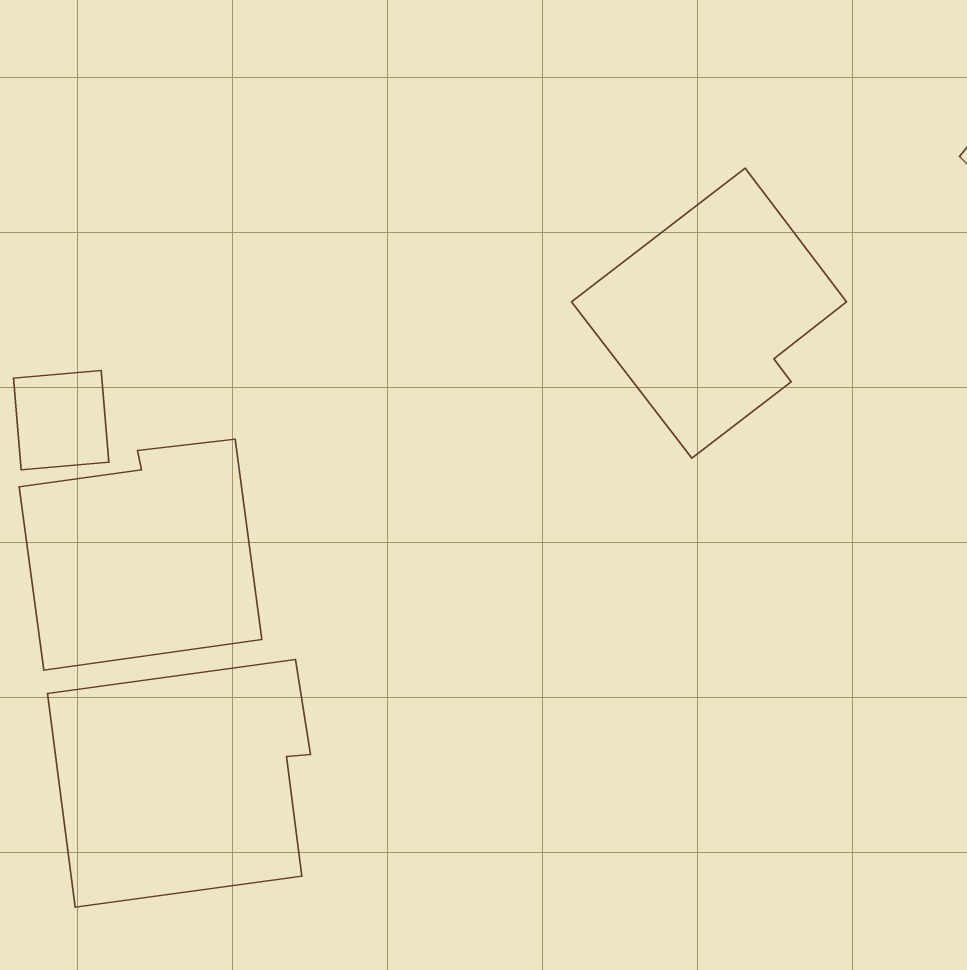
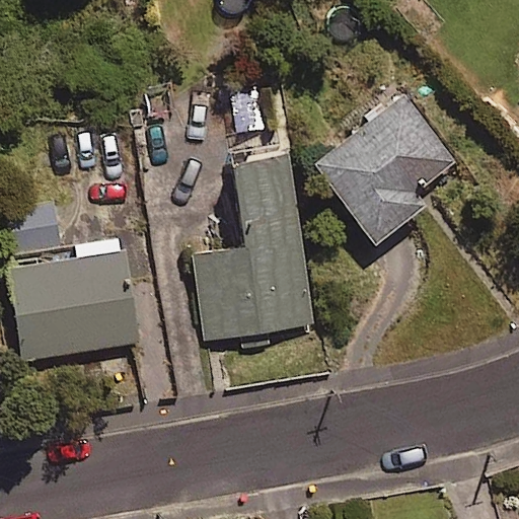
building: none -> [195,154,312,342]
building: [48,660,311,907] -> none

